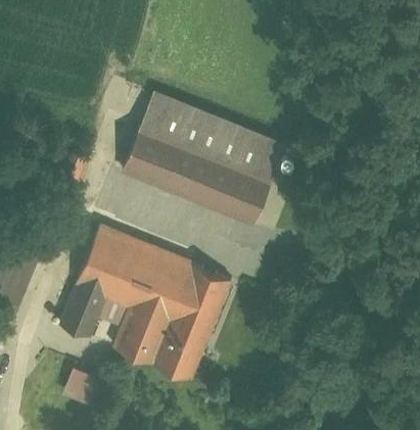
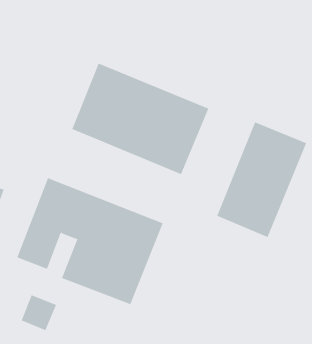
building: none -> [216,122,307,238]

